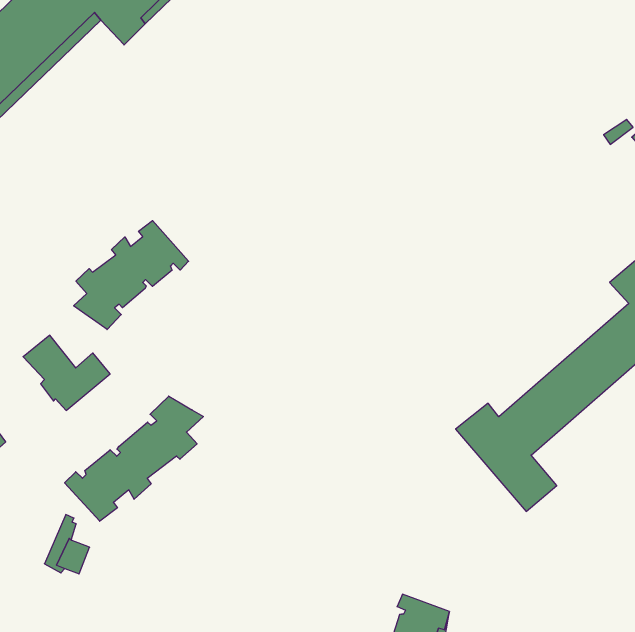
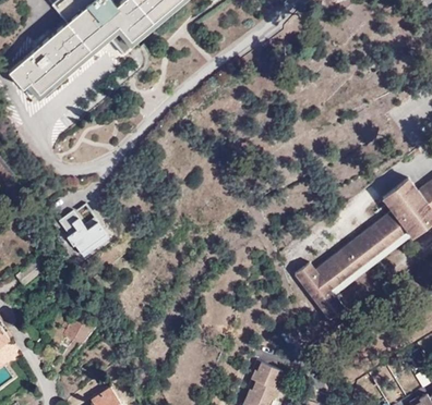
building: [74,221,189,330] -> none
building: [65,396,203,521] -> none

